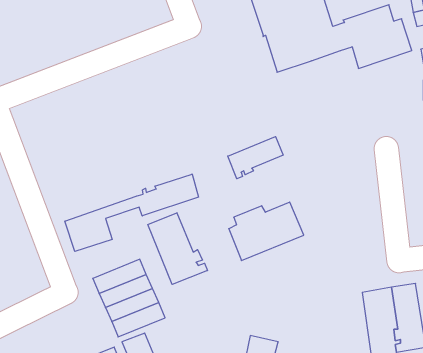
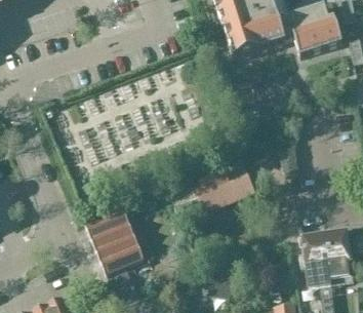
building: [228,137,283,179] -> none
building: [65,174,198,251] -> none
building: [148,213,207,284] -> none

